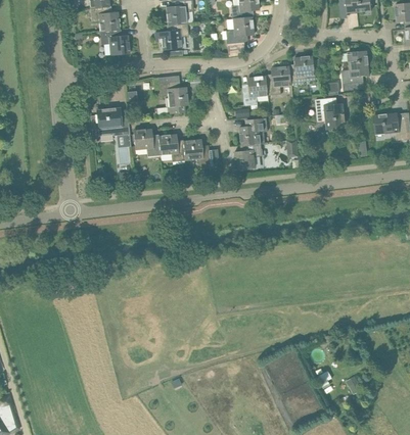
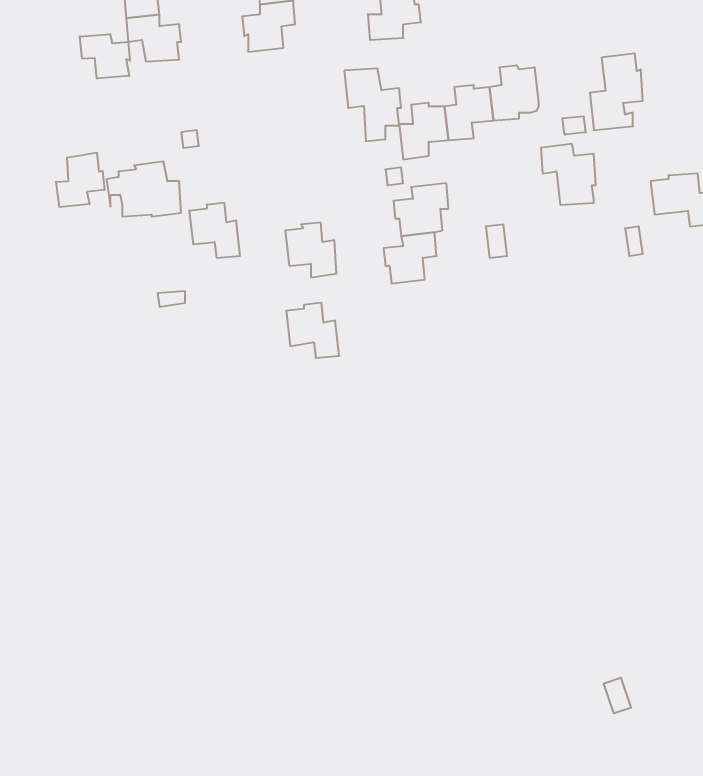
building: none -> [80,34,130,79]
building: [157,76,187,113] -> [344,69,401,141]
building: none -> [56,153,104,207]
building: [157,133,185,161] -> [286,303,339,358]

